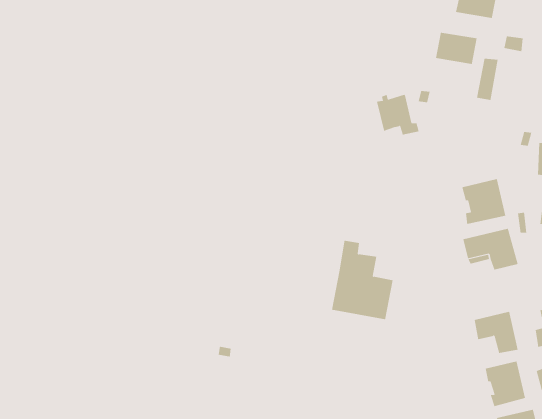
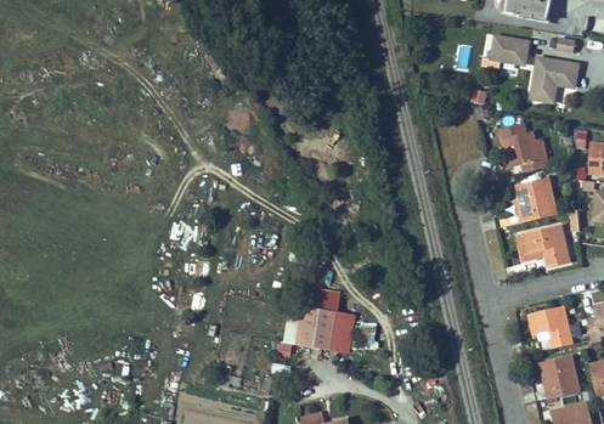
building: none -> [544,60,576,101]
building: [376,94,420,135] -> [502,130,544,170]
building: [331,240,393,320] -> [294,276,355,354]

